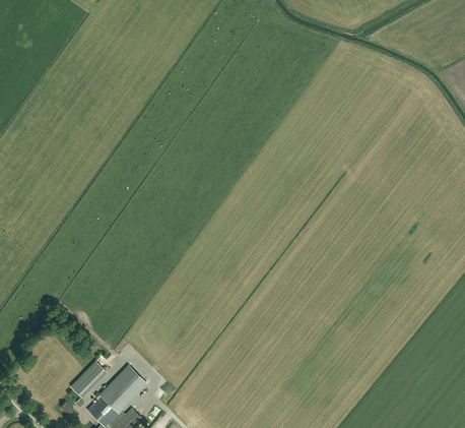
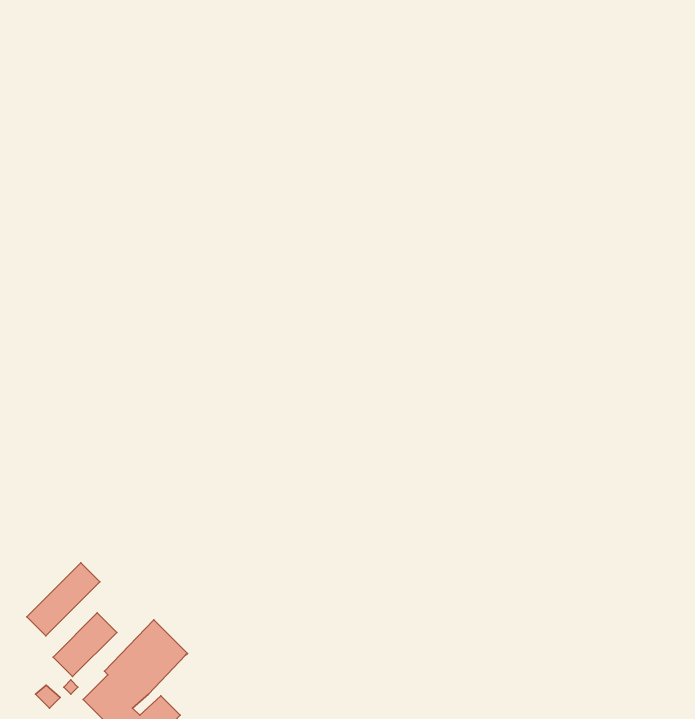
building: none -> [27,563,100,636]

